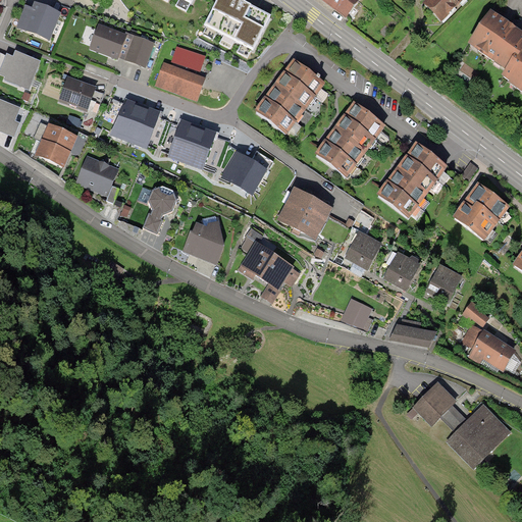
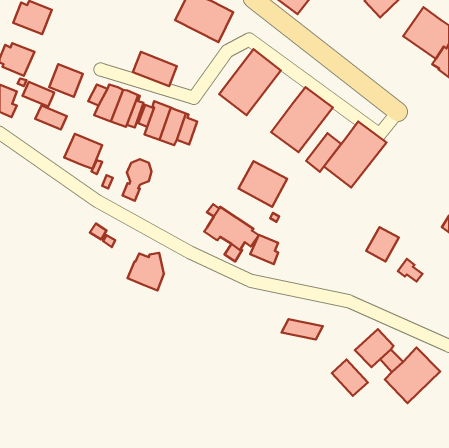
building: [89,22,126,58] -> none
building: [123,34,154,66] -> none
building: [171,45,204,70] -> none
building: [34,138,70,166] -> [23,82,54,107]
building: [220,150,266,194] -> none
building: none -> [306,133,341,172]
building: [452,181,509,240] -> none
building: [181,220,223,264] -> [128,253,164,291]
building: [344,229,381,270] -> none
building: [382,251,420,291] -> none
building: [340,298,372,331] -> [250,235,278,264]
building: [388,323,436,347] -> [281,319,323,339]
building: [460,323,516,370] -> none
building: none -> [332,360,368,396]

